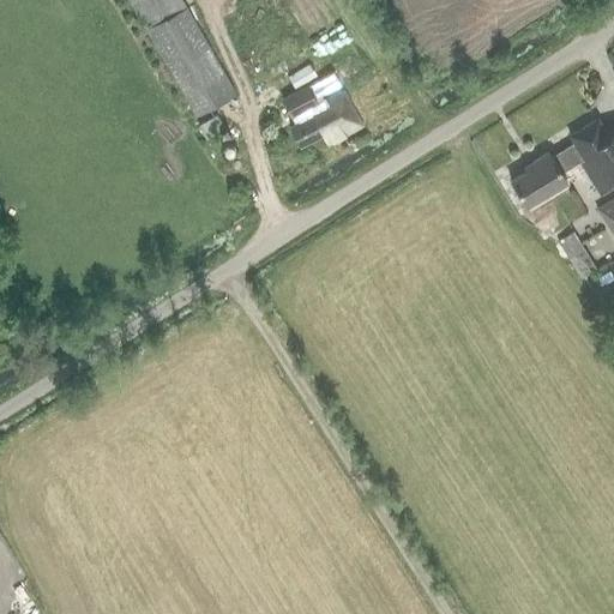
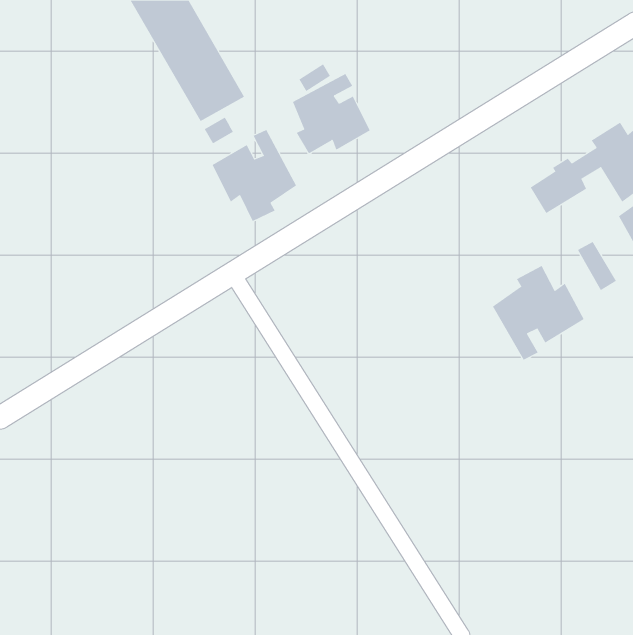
building: none -> [212,129,297,222]
building: none -> [492,265,585,361]

